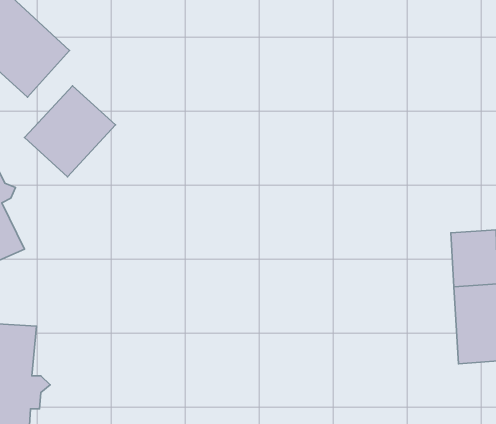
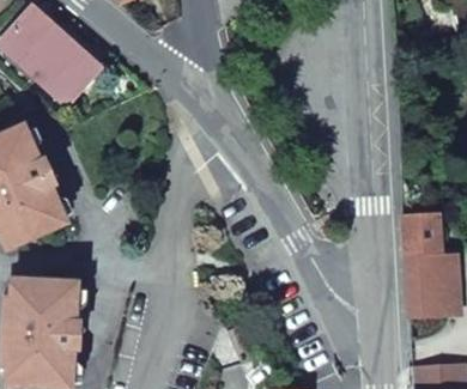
building: [24,86,116,177] -> none

